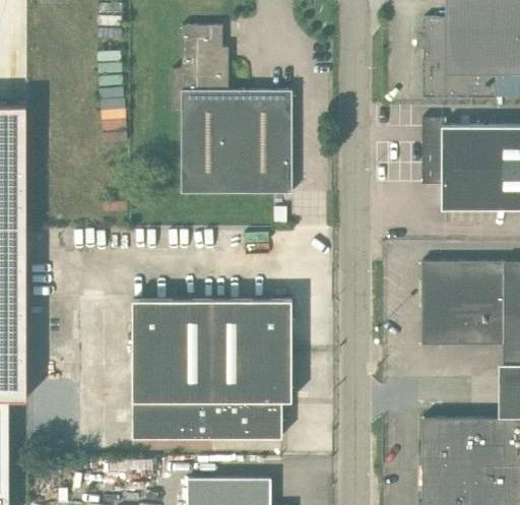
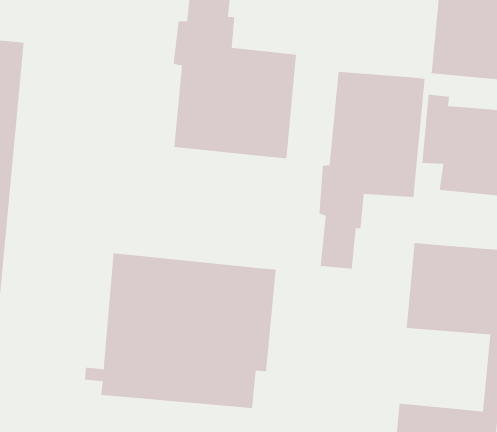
building: none -> [319,71,425,269]

